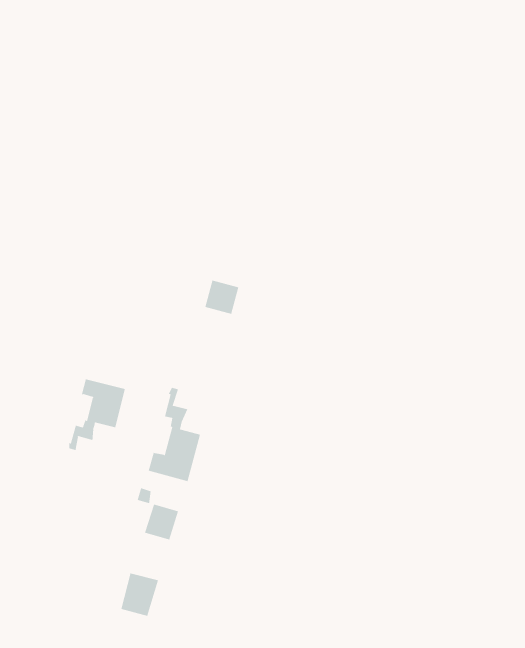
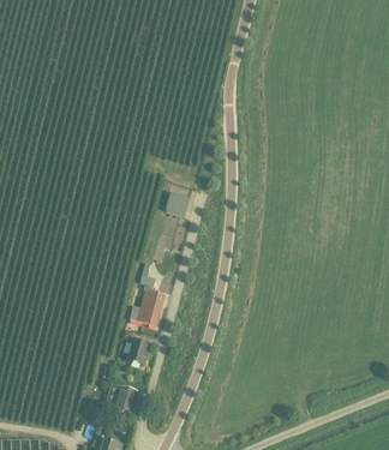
building: [69,378,126,451] -> none

